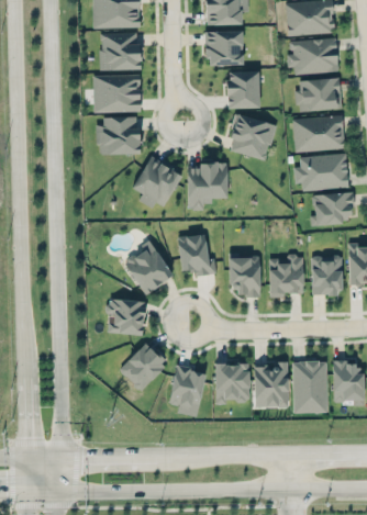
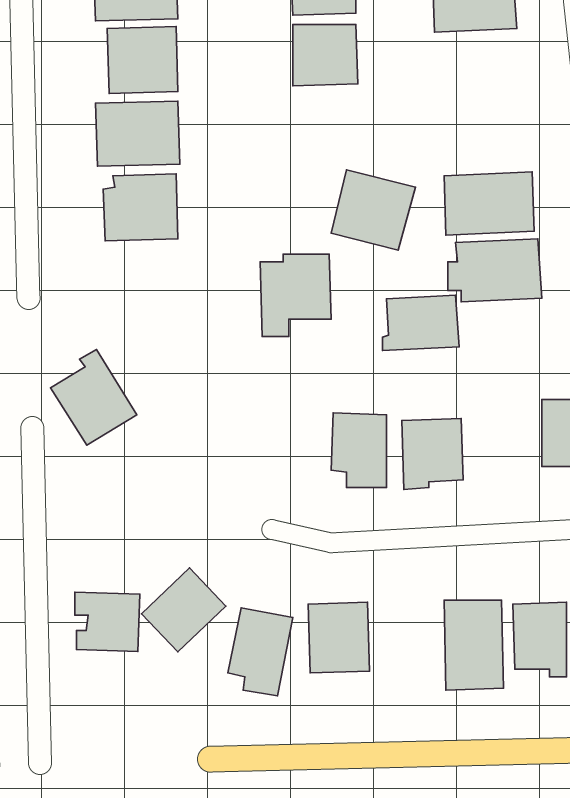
building: [286,37,338,74] -> none
building: [226,71,259,109] -> none
building: [296,78,341,111] -> none
building: [132,156,181,211] -> none
building: [310,192,354,224] -> [383,295,459,351]
building: [177,234,215,276] -> none
building: [123,239,173,294] -> [51,350,137,445]
building: [311,256,341,295] -> none
building: [107,300,144,334] -> [75,592,140,651]
building: [253,363,288,407] -> none

